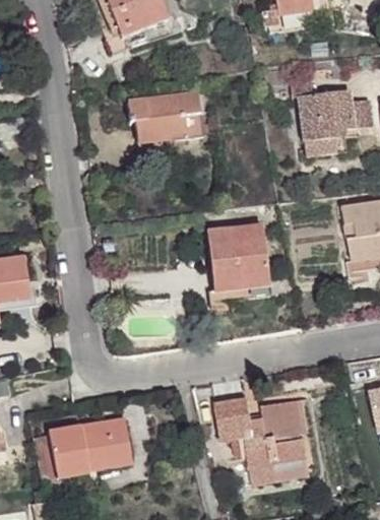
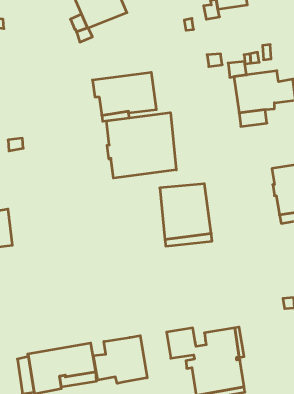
building: none -> [107,113,176,178]
building: none -> [93,336,147,383]

